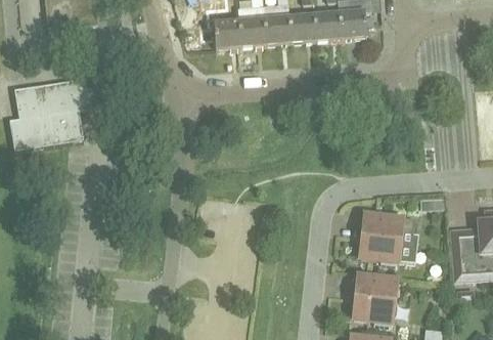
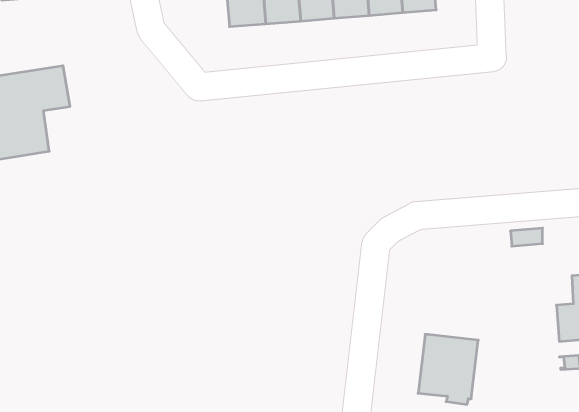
building: [360,212,414,263] -> none

